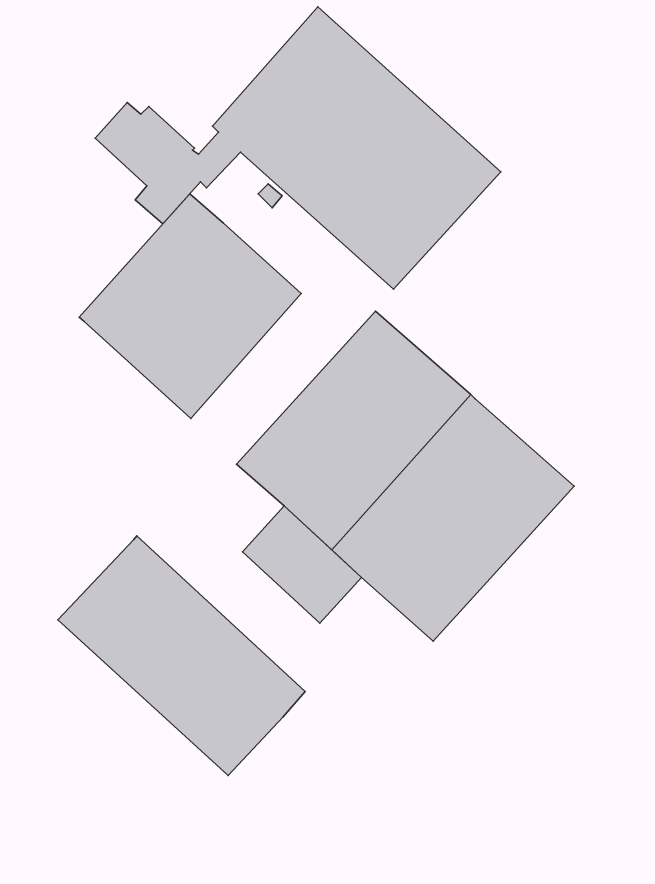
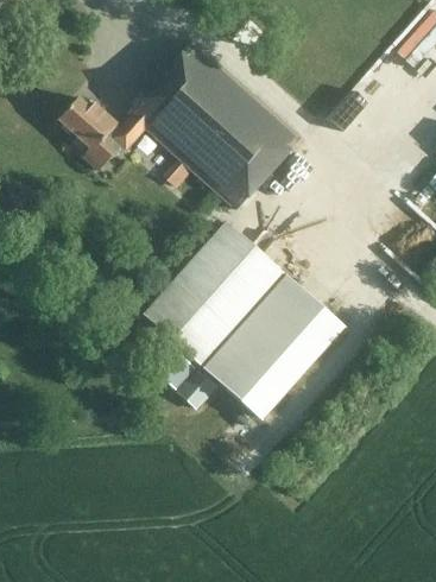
building: [79,194,301,419] -> none
building: [58,536,305,776] -> none

